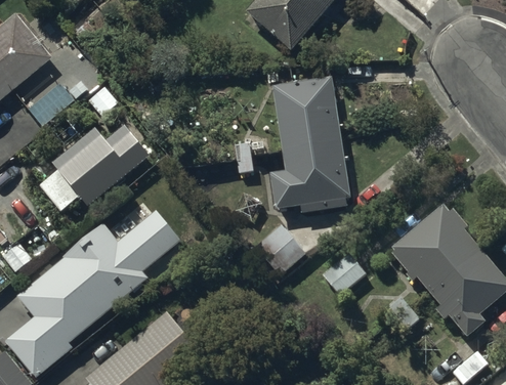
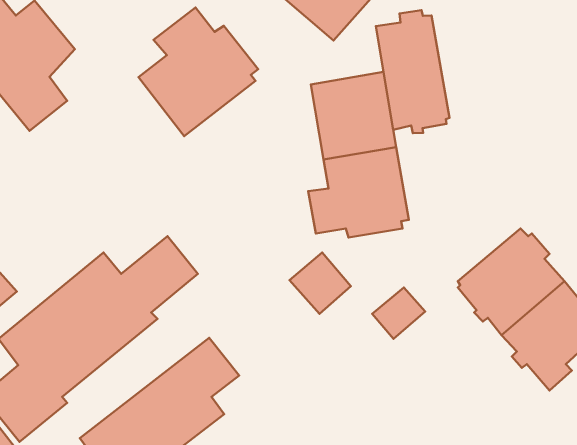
building: none -> [139,8,258,136]
building: none -> [376,10,449,133]
building: [38,124,150,211] -> none

